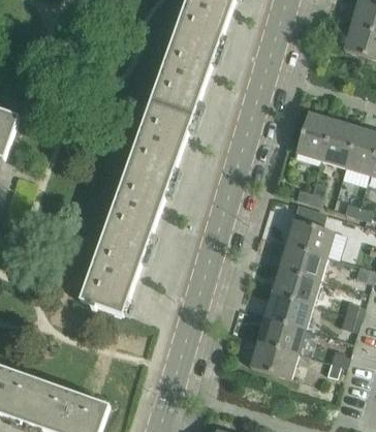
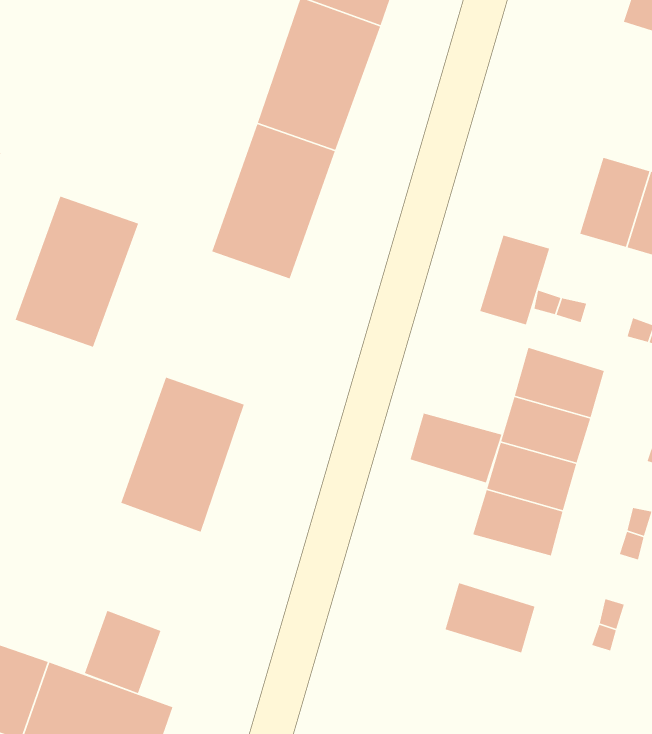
building: [295,110,333,157] -> [479,234,550,325]
building: [104,166,169,246] -> [14,196,139,348]
building: [257,314,306,351] -> [409,412,502,484]
building: none -> [84,610,162,694]

